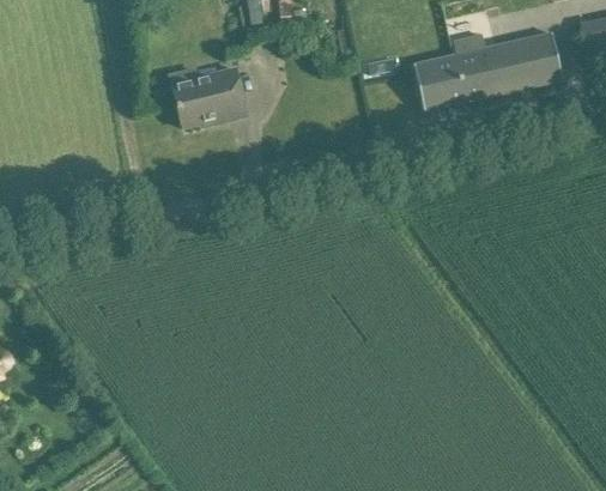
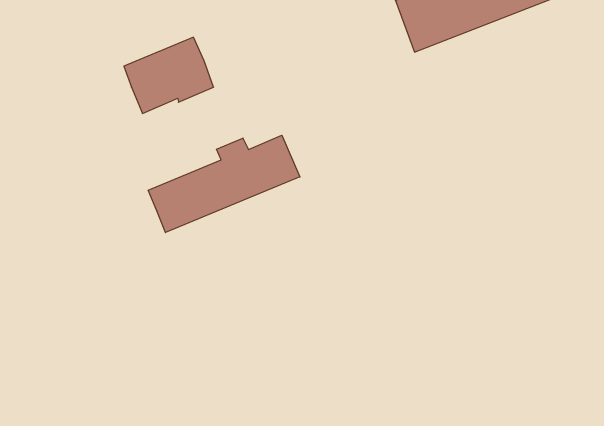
building: none -> [148,135,300,233]

